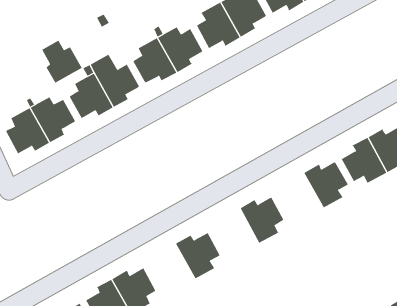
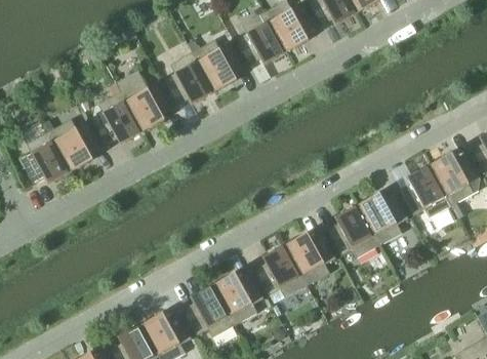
building: [41,40,82,83] -> none
building: none -> [327,205,379,257]
building: none -> [254,245,307,297]
building: none -> [182,285,235,337]

